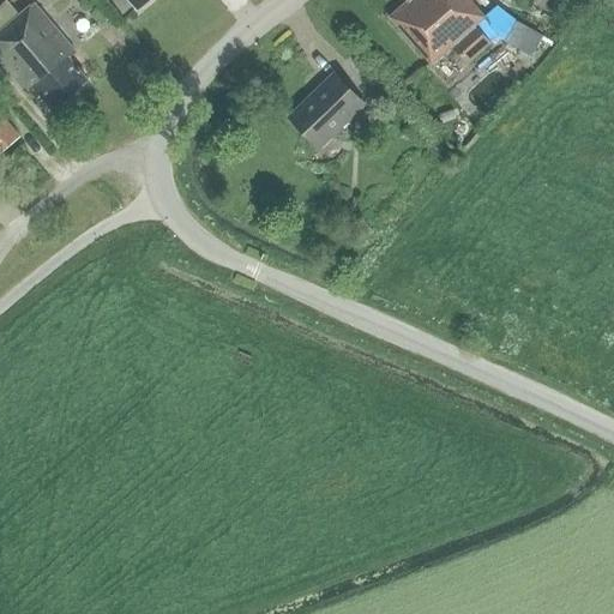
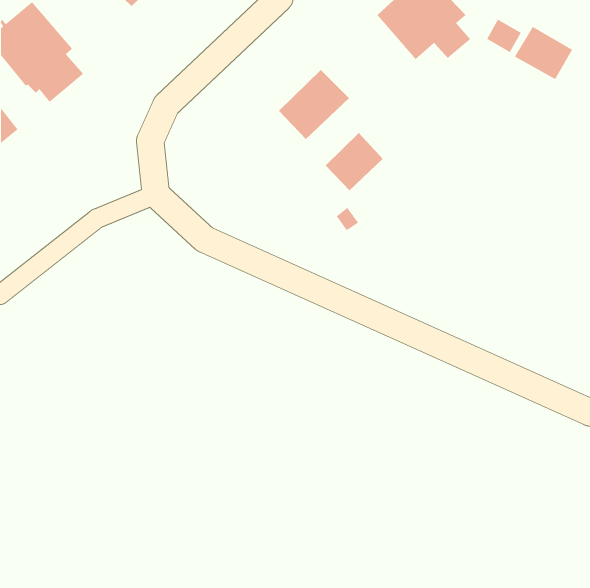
building: none -> [514,26,573,80]
building: none -> [325,132,384,191]

